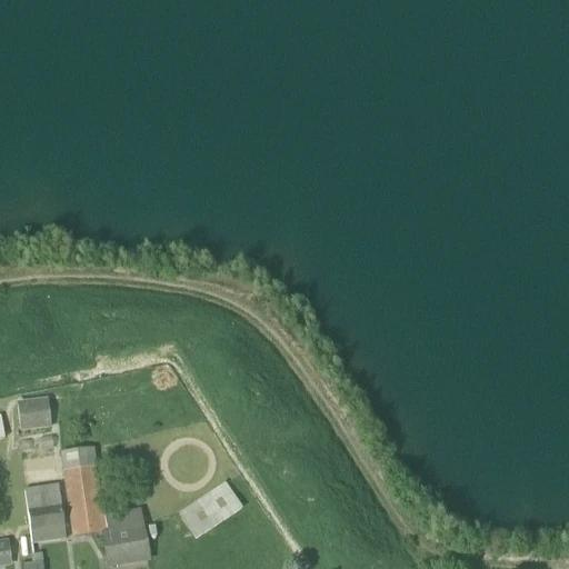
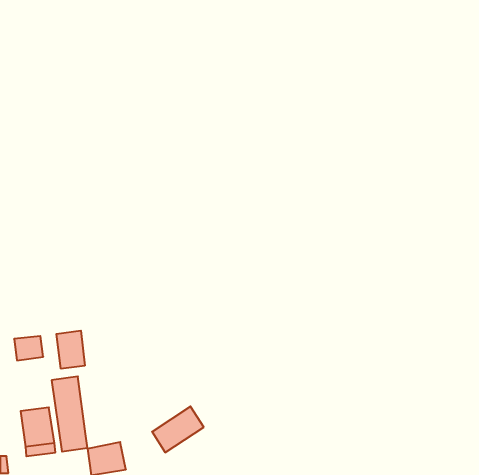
building: none -> [56,331,85,369]
building: [102,507,143,531] -> none

